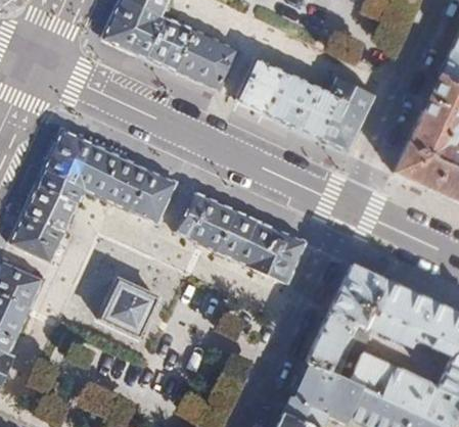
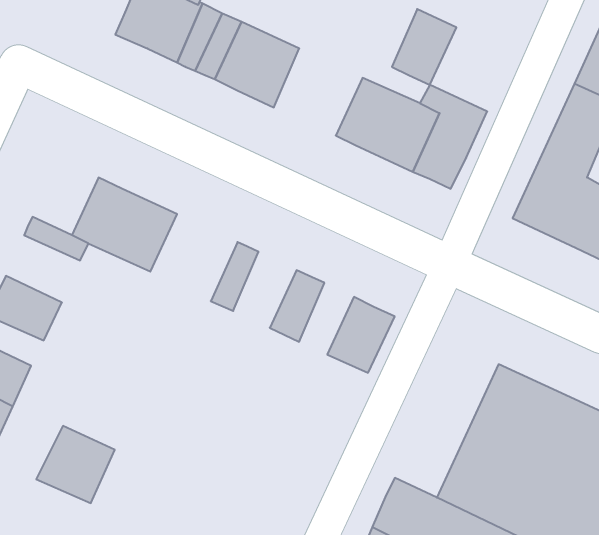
building: [236,56,283,111] -> [392,9,456,85]
building: [43,129,91,184] -> none
building: [129,169,176,224] -> none
building: [24,184,78,233] -> none
building: [189,196,235,251] -> none
building: [237,219,277,271] -> none
building: [307,264,382,375] -> none
building: [98,279,155,335] -> [36,426,115,503]

